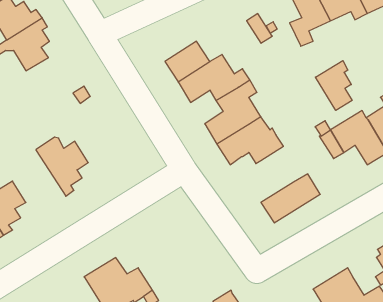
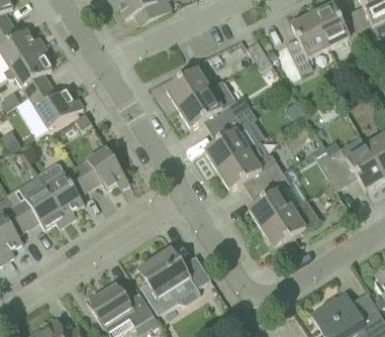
building: none -> [27,84,82,128]
building: [315,61,352,110] -> none
building: none -> [76,147,128,190]
building: none -> [248,172,292,227]
building: none -> [14,176,67,228]
building: none -> [138,247,210,313]

